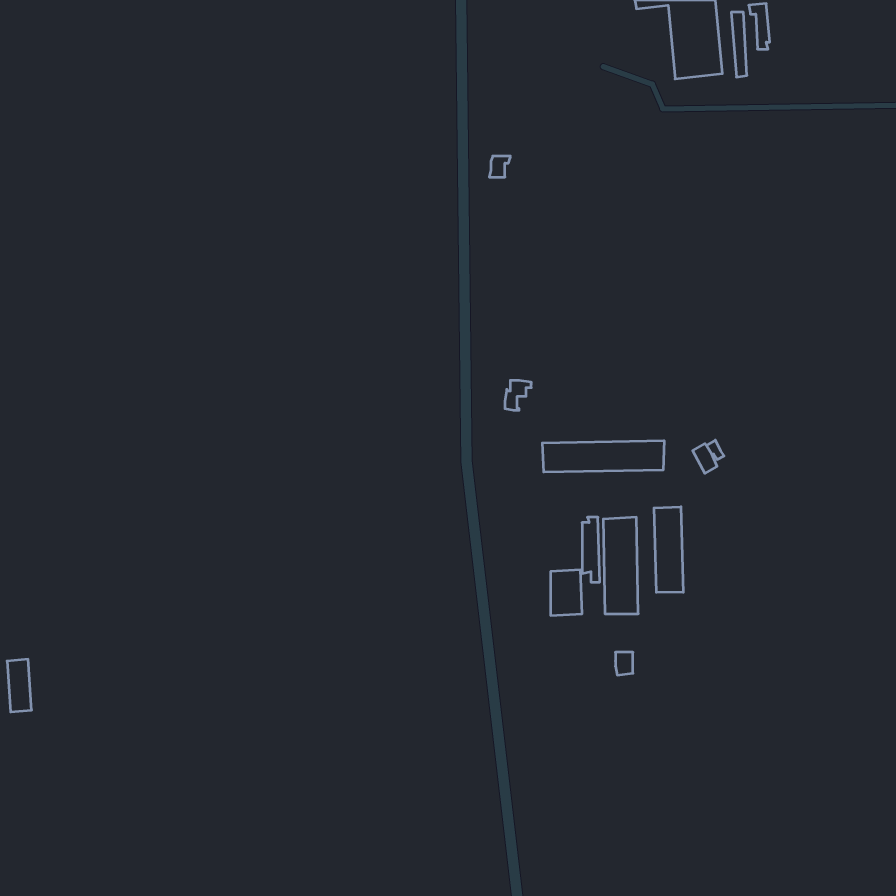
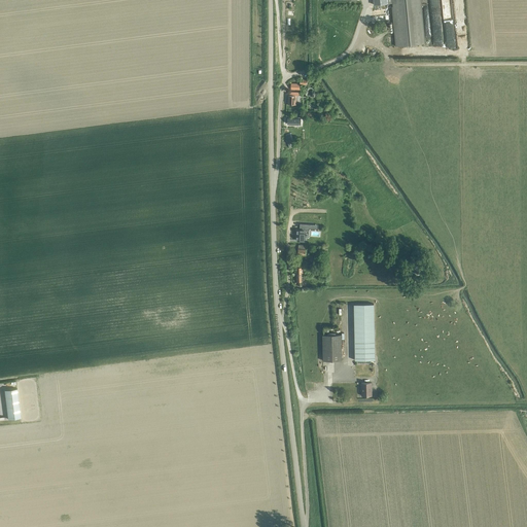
building: [542,441,664,472] -> none
building: [654,507,683,592] -> none

